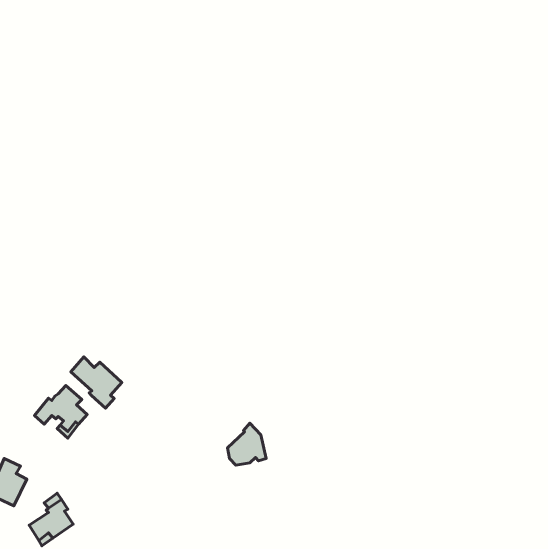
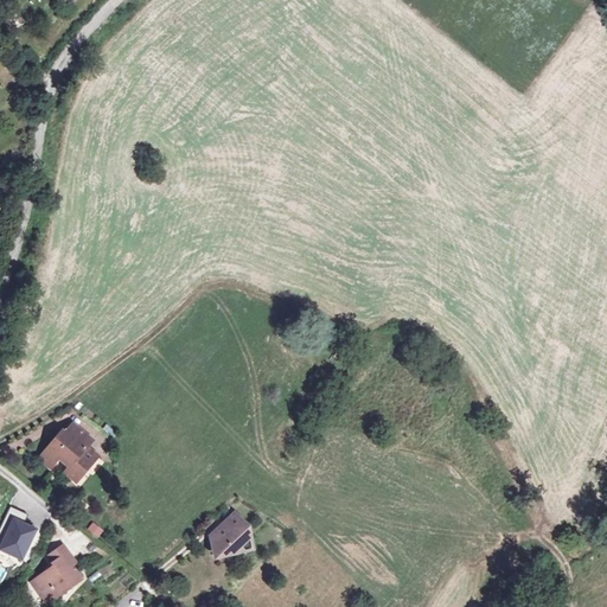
building: [71,357,122,408] -> none
building: [227,423,266,465] -> [210,507,253,554]

